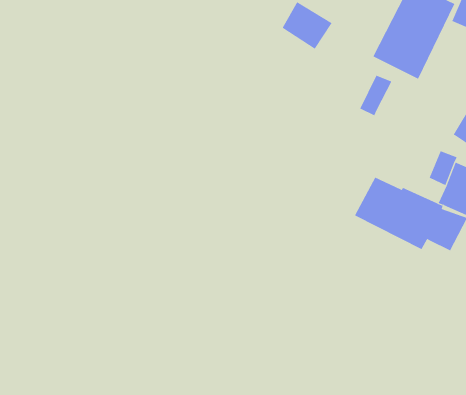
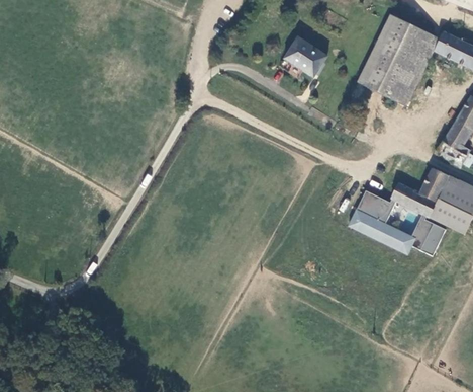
building: [359,75,392,116] -> none
building: none -> [384,181,429,214]

